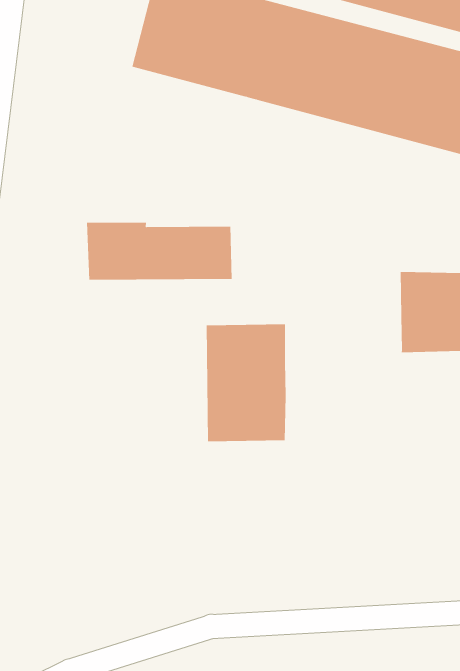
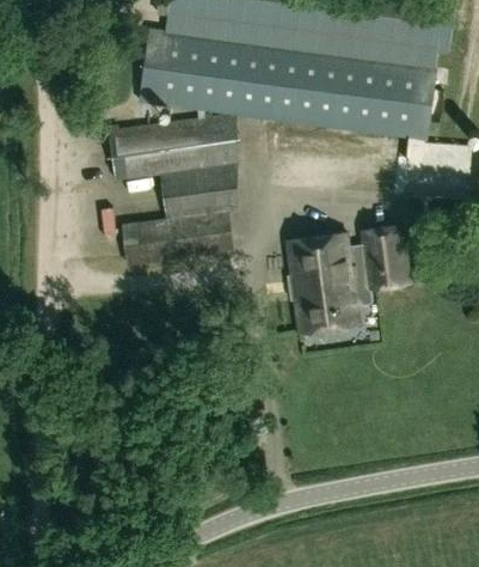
building: none -> [106,114,237,220]
building: [206,324,286,442] -> [287,236,357,331]

